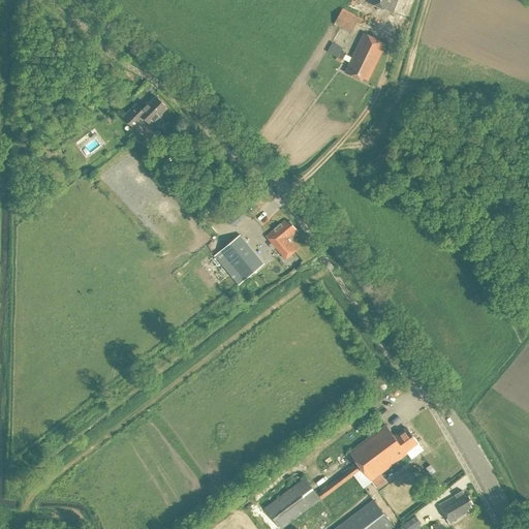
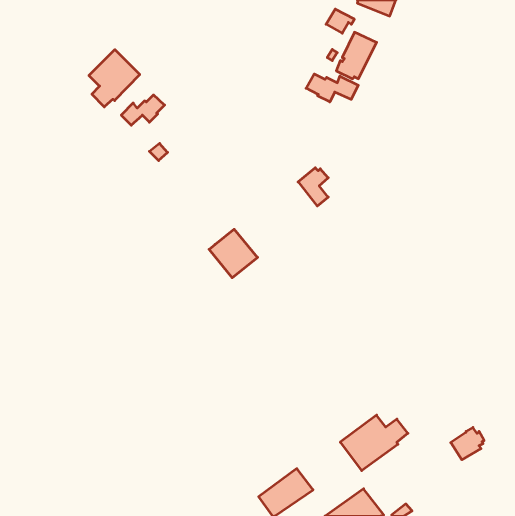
building: none -> [89,50,140,107]
building: none -> [306,74,358,102]
building: [267,220,298,259] -> [298,168,328,206]
building: [438,490,472,523] -> [451,427,484,460]

